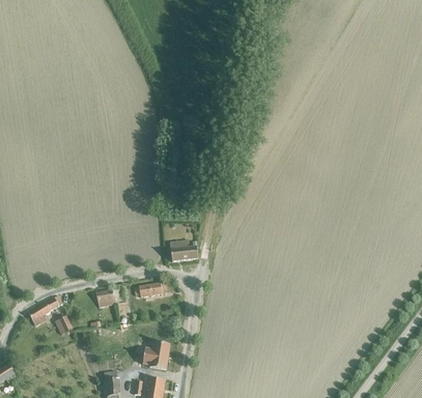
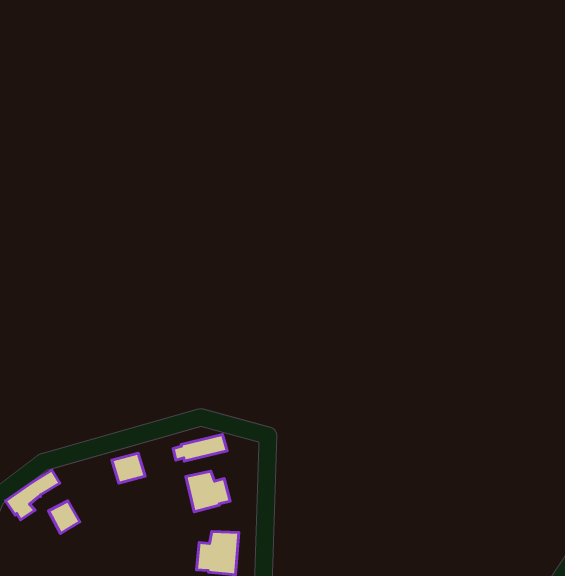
building: [170,239,198,261] -> none
building: none -> [186,471,230,512]

